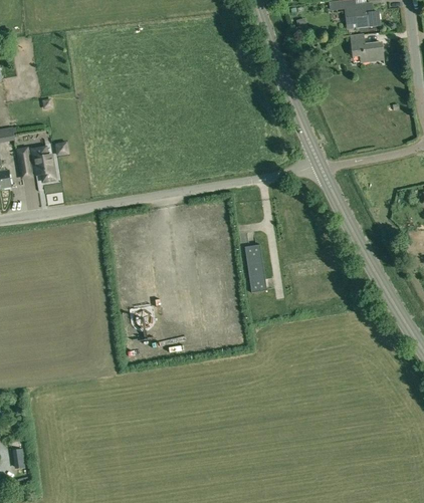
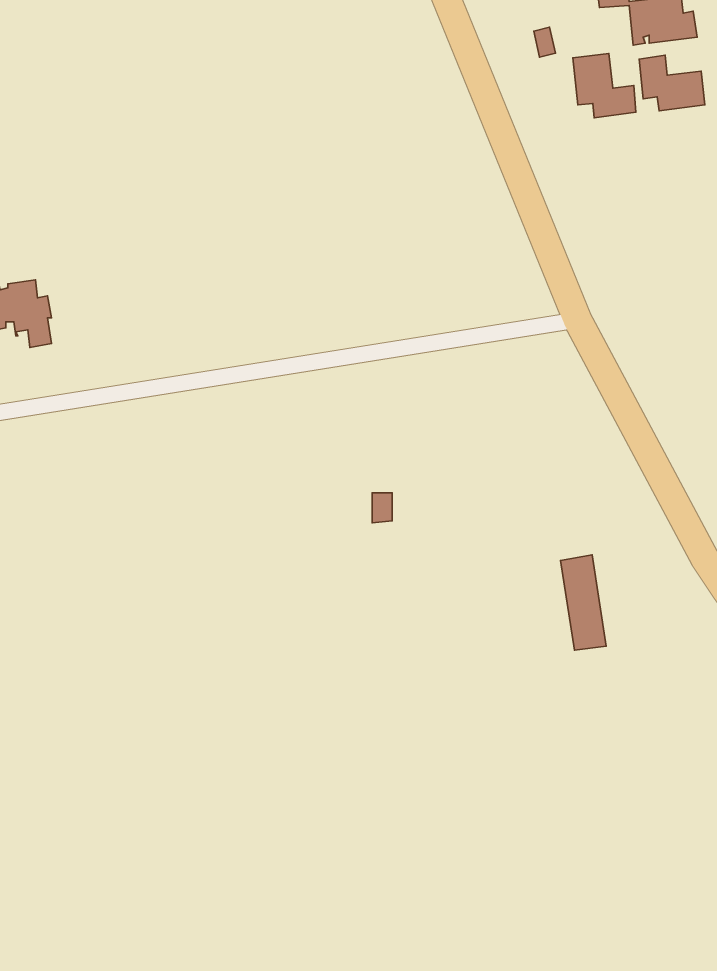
building: none -> [573,53,636,118]
building: [244,243,267,291] -> [560,555,606,650]

